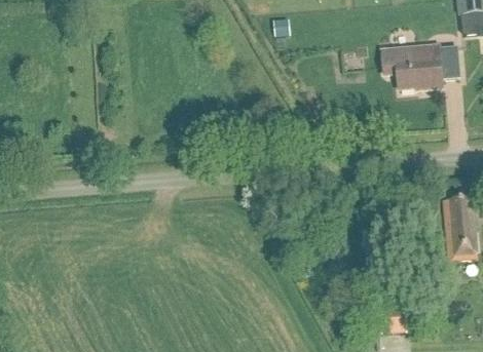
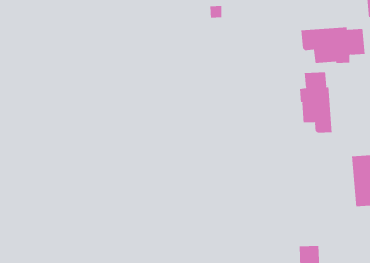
building: none -> [299,72,332,134]

